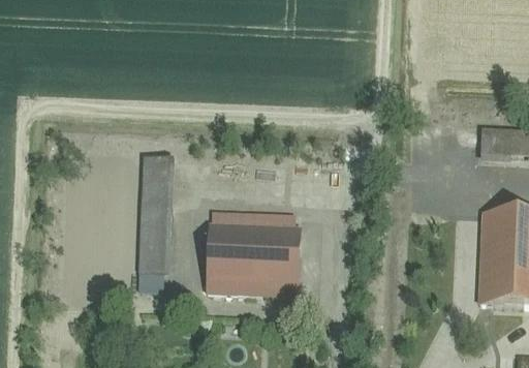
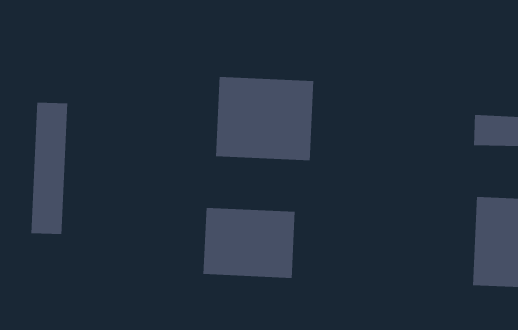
building: none -> [215,76,314,161]
building: [136,153,175,287] -> [30,102,68,235]

